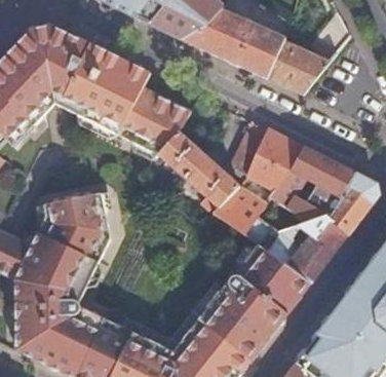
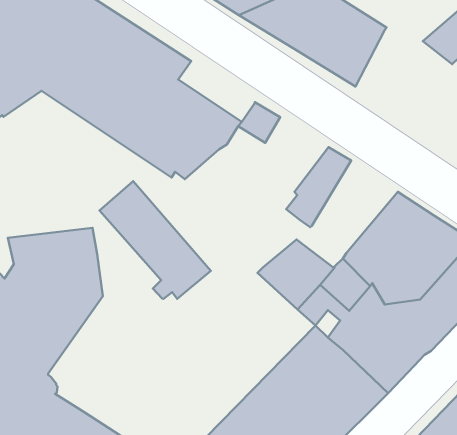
building: [266,37,327,92] -> none
building: [246,127,303,190] -> none
building: [158,130,238,208] -> [99,181,211,299]

